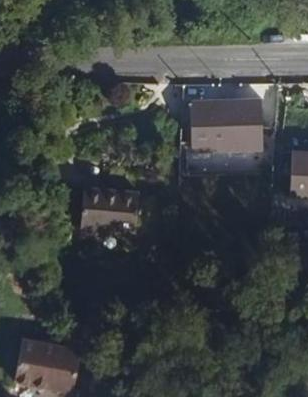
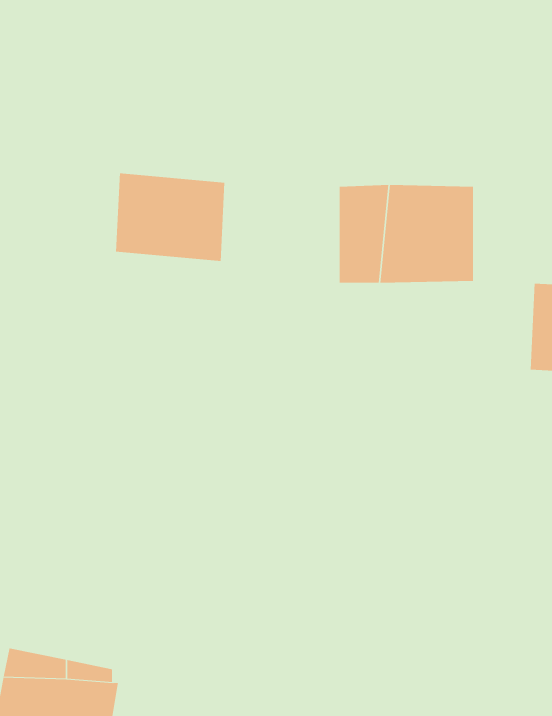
building: [78,191,135,237] -> [115,173,225,261]

